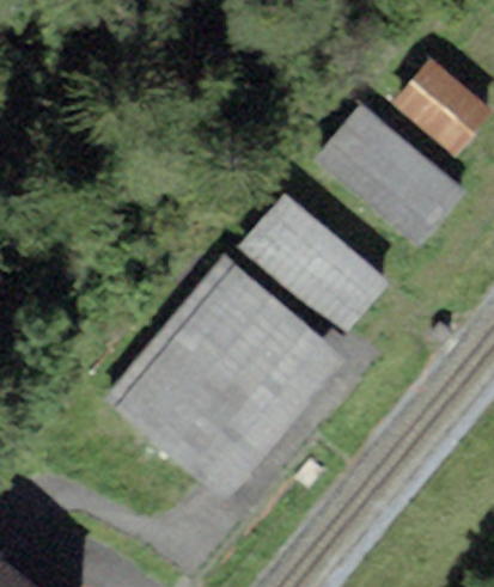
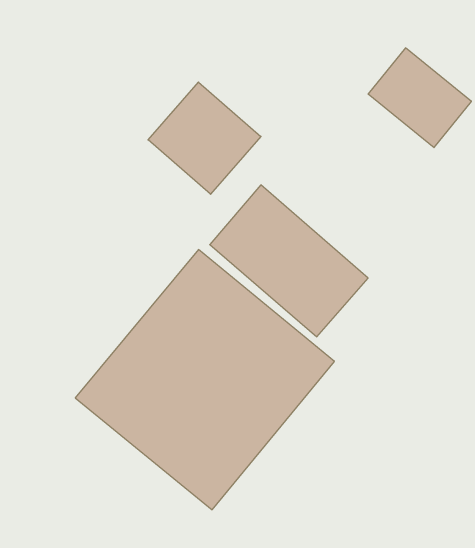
building: none -> [148,82,261,194]
building: [310,103,461,246] -> none

